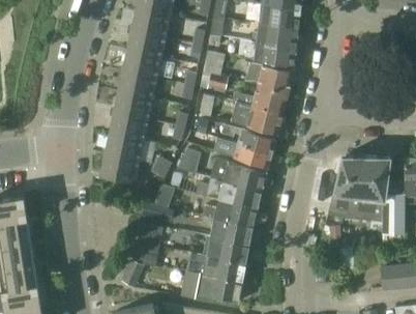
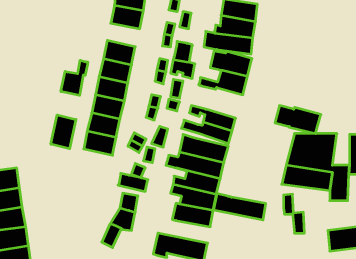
building: [127,30,165,57] -> none
building: none -> [61,60,88,95]
building: [230,102,283,134] -> [275,106,321,134]
building: none -> [51,115,76,149]
building: [185,252,245,282] -> [213,194,266,220]

